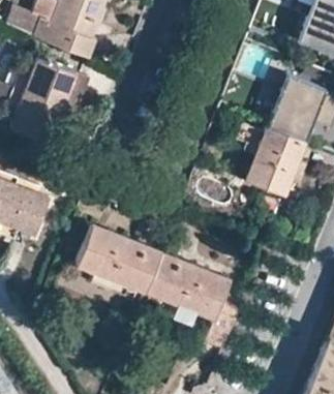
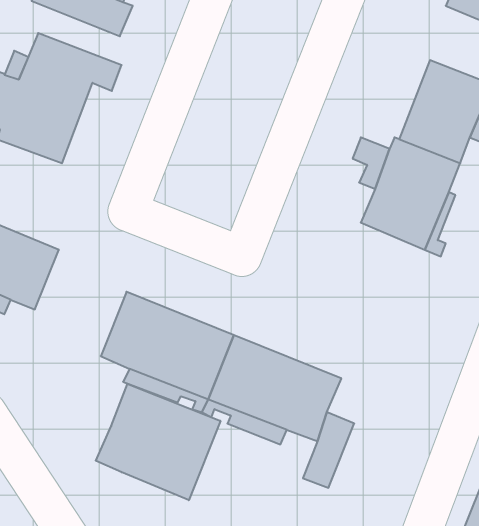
building: none -> [96,384,220,500]

